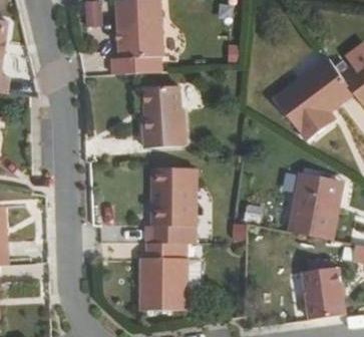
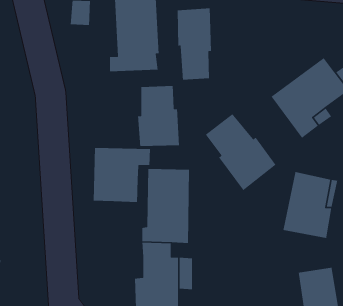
building: none -> [177,8,212,81]
building: none -> [205,113,276,191]
building: none -> [93,147,151,203]

